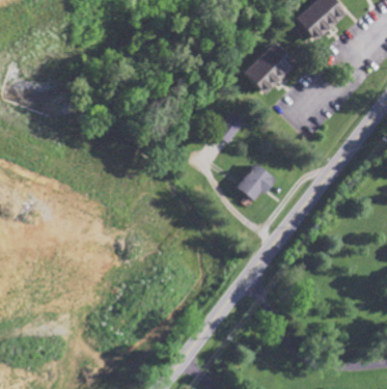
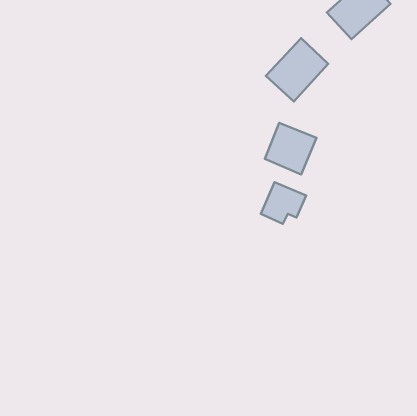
building: none -> [265,123,317,175]

